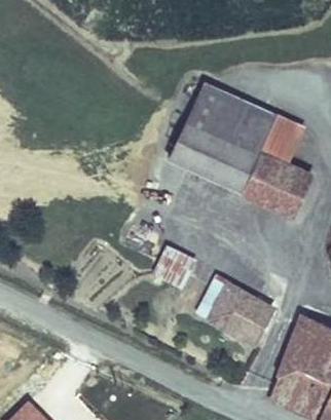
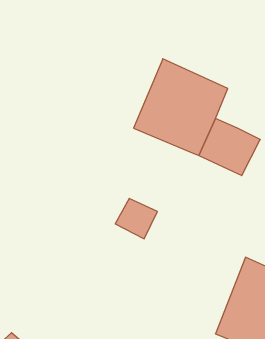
building: [266,116,307,162] -> none
building: [194,275,275,347] -> none

